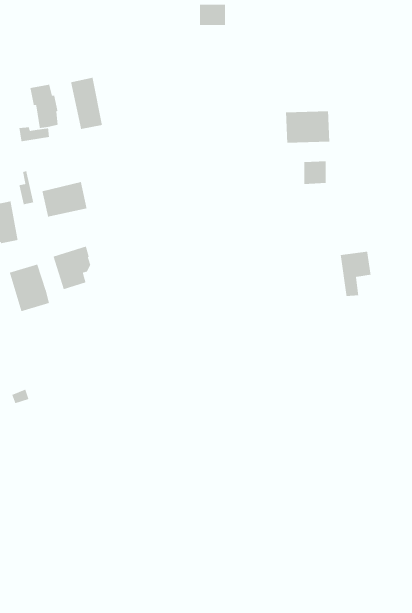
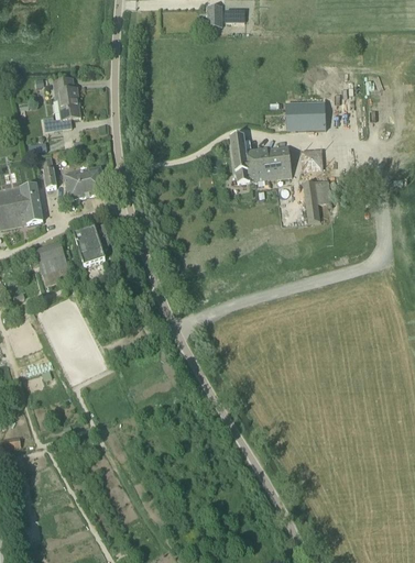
building: [70,77,103,130] -> none
building: none -> [230,133,292,180]
building: [340,251,371,297] -> [303,178,331,220]

